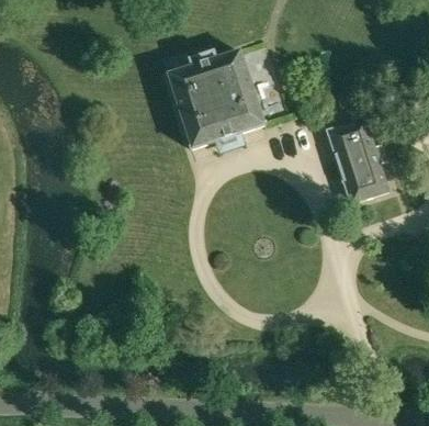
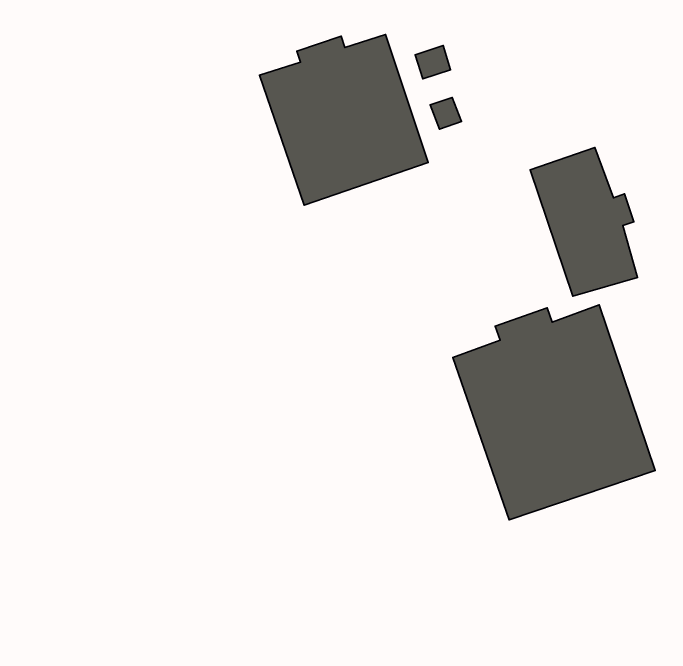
building: none -> [453,305,655,520]

